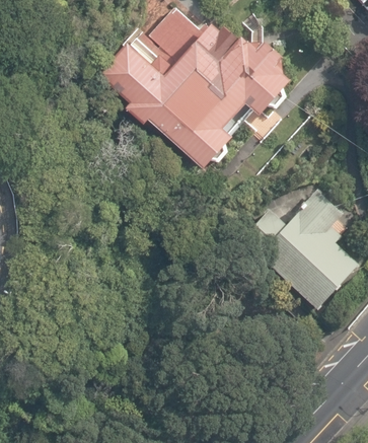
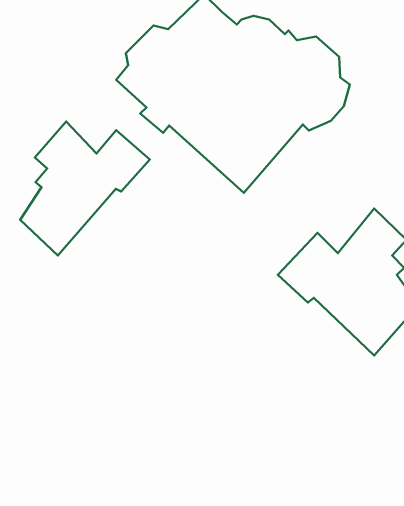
building: none -> [20,121,150,255]

